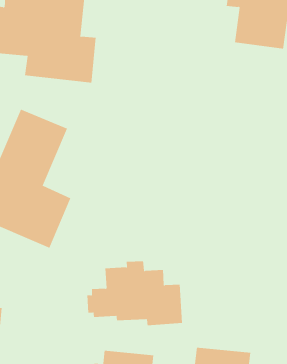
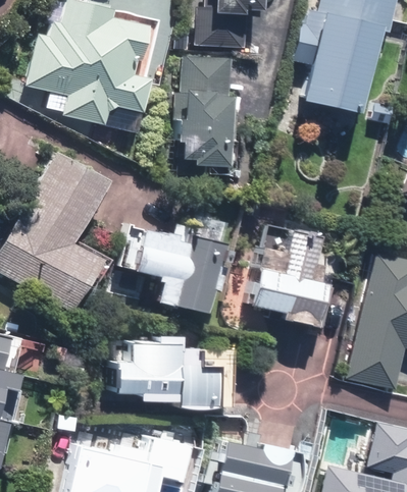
building: none -> [179,55,241,169]
building: none -> [250,227,337,329]
building: none -> [123,229,219,315]

